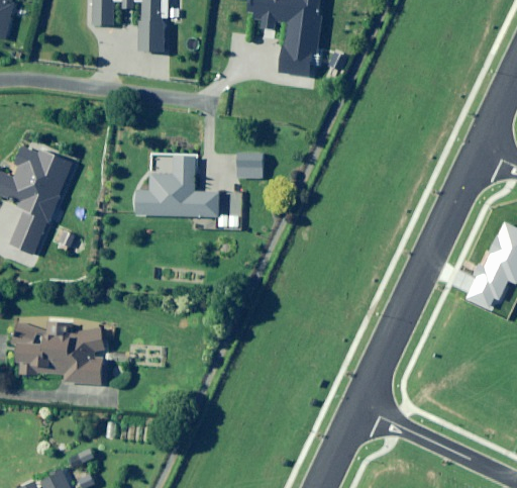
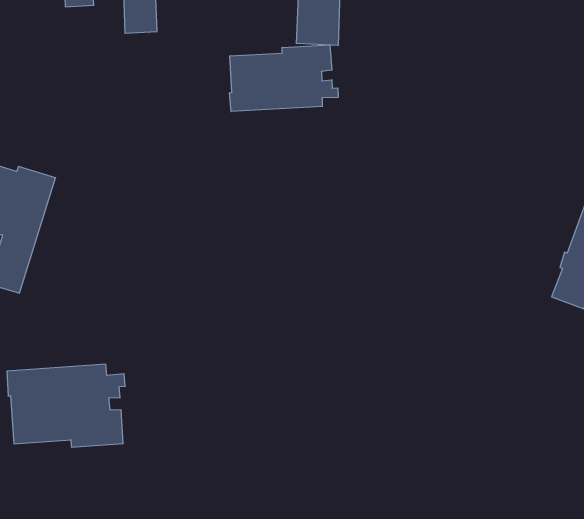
building: none -> [229,45,338,112]
building: [137,153,221,218] -> none
building: [235,153,262,178] -> none

